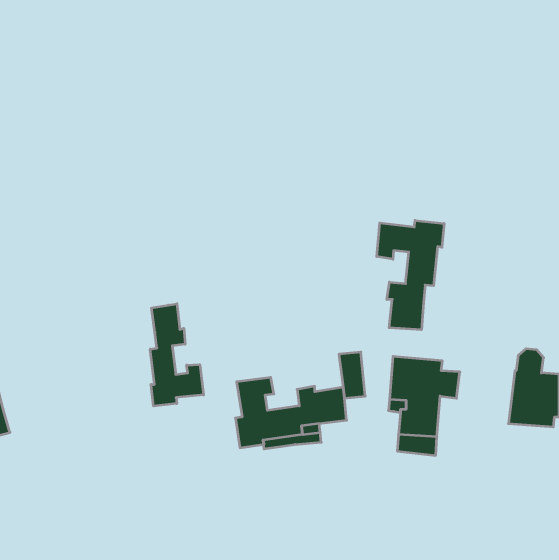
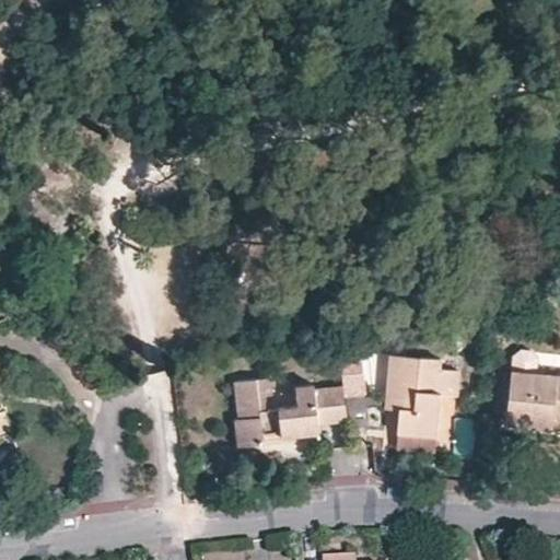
building: [377,220,444,330] -> none
building: [150,304,204,406] -> none

